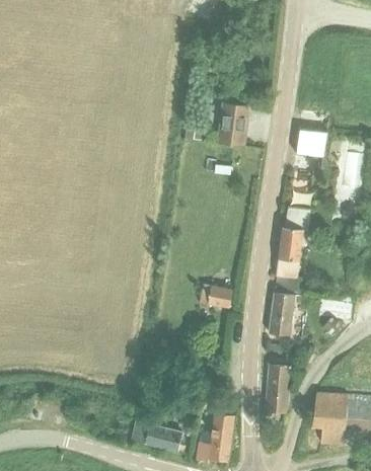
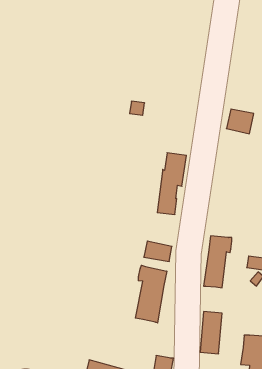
building: [219,103,249,145] -> none
building: [277,208,310,279] -> [157,153,186,214]
building: none -> [135,265,167,323]

